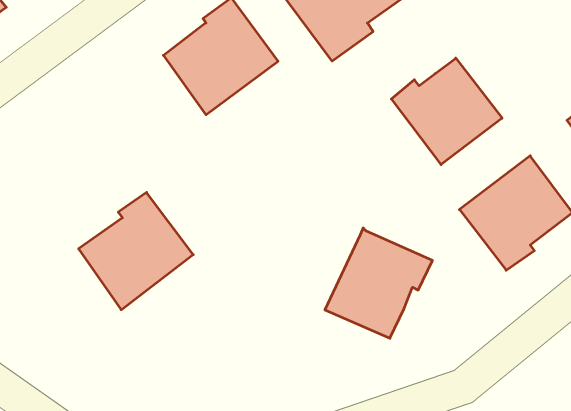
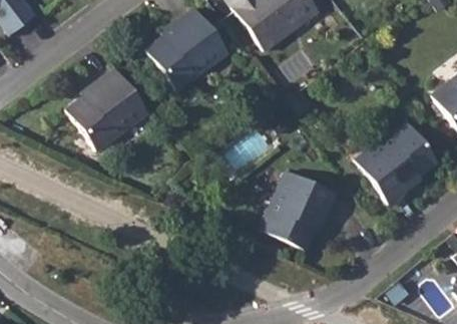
building: [391,58,502,165] -> none
building: [79,192,193,310] -> [65,67,146,150]

